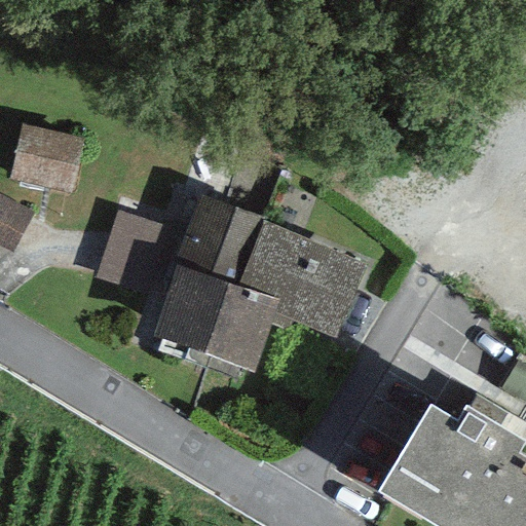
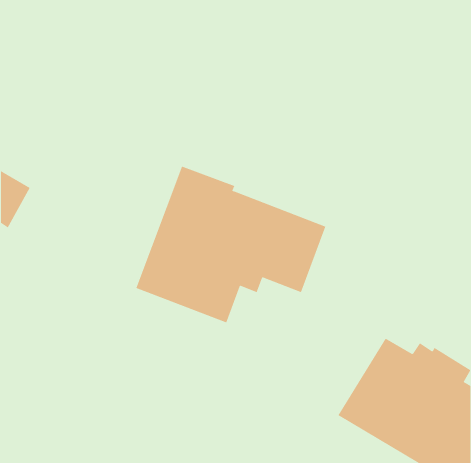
building: [9,125,85,195] -> none
building: [97,217,170,303] -> none

